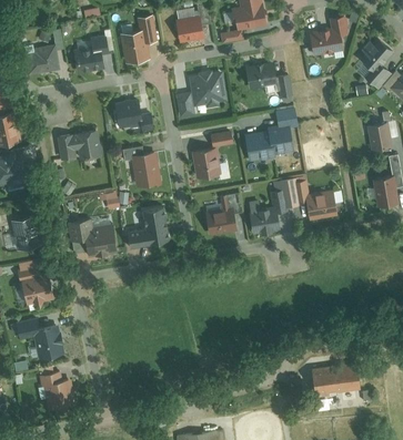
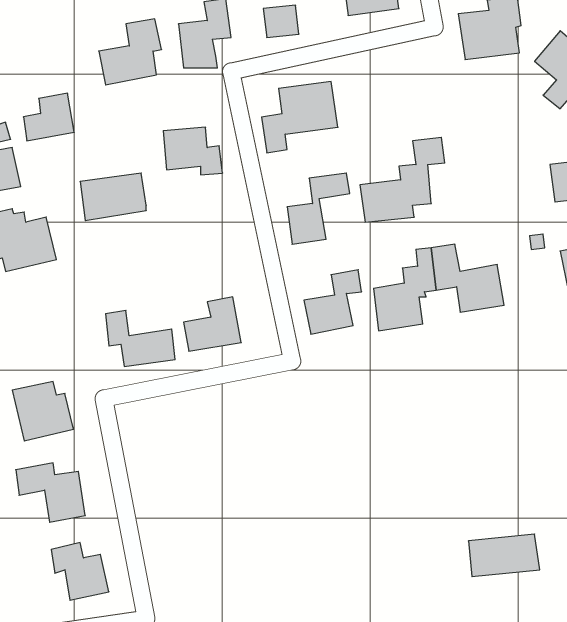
building: [26,43,59,74] -> [23,93,74,141]
building: [245,64,291,101] -> none
building: [122,146,160,184] -> none
building: [13,202,44,249] -> none

